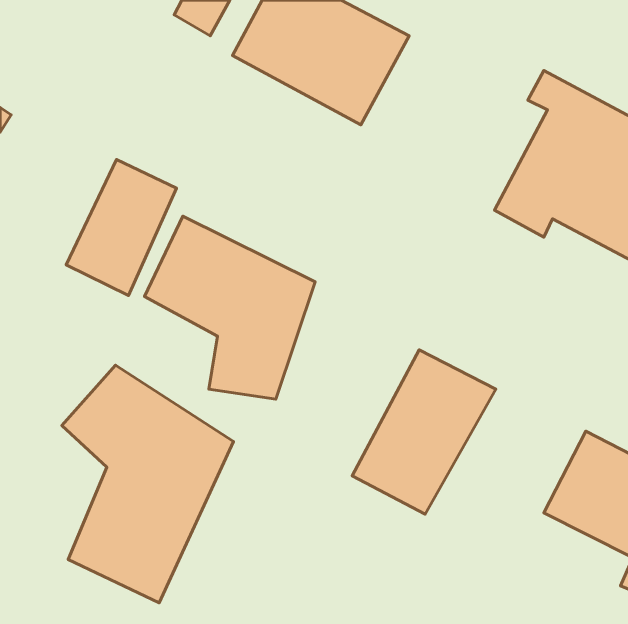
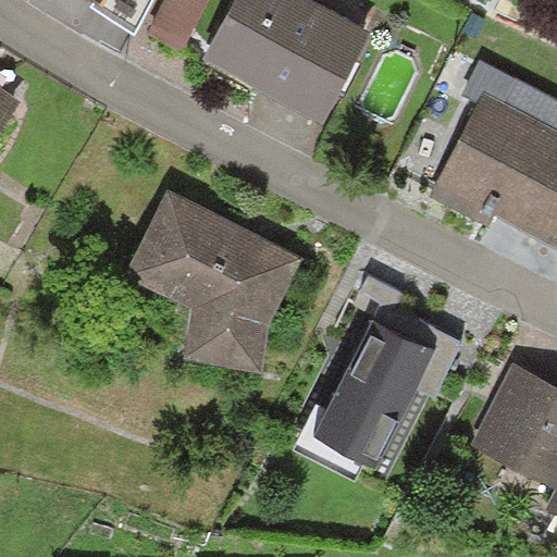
building: [66,160,176,296] -> none
building: [62,365,234,603] -> none

